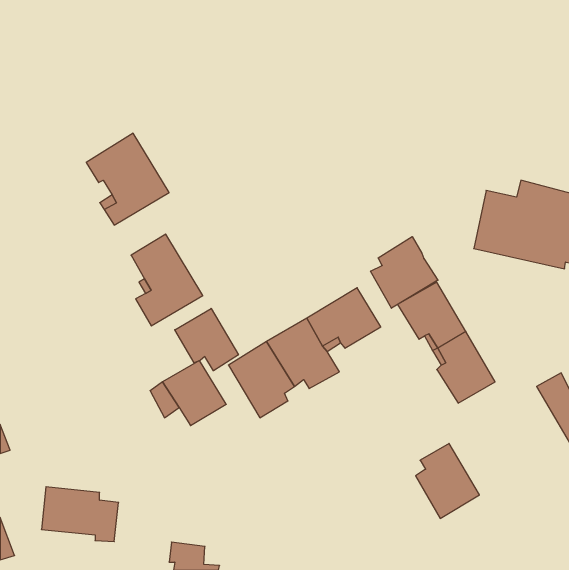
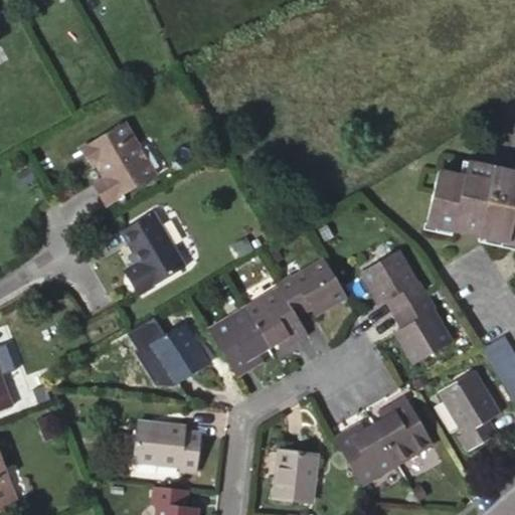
building: [371,237,438,308] -> none
building: [175,308,238,371] -> none
building: none -> [449,384,506,462]
building: none -> [335,424,398,487]
building: [41,487,119,542] -> [133,421,202,471]
building: none -> [272,452,314,503]

